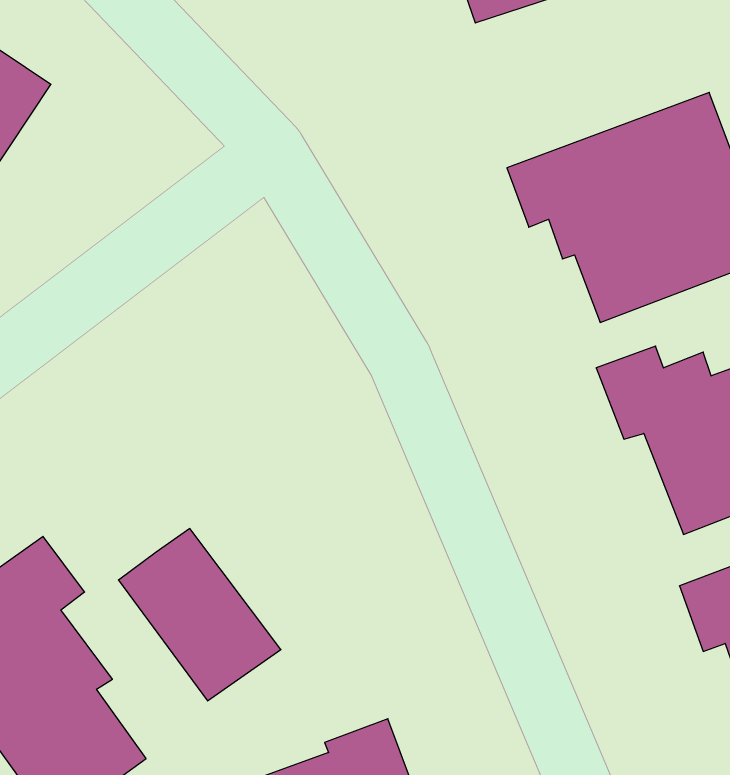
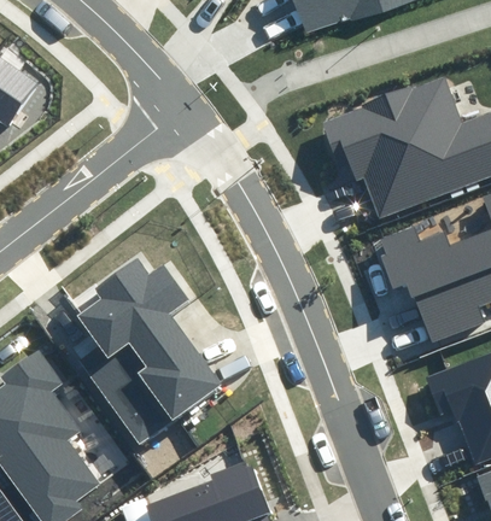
building: none -> [78,259,227,416]

